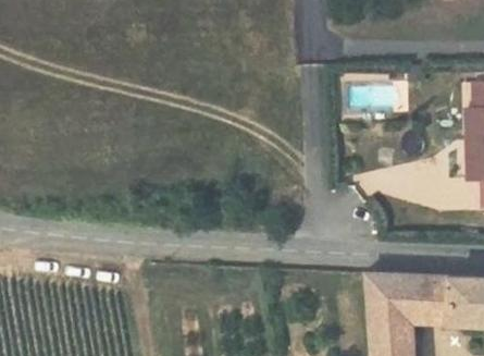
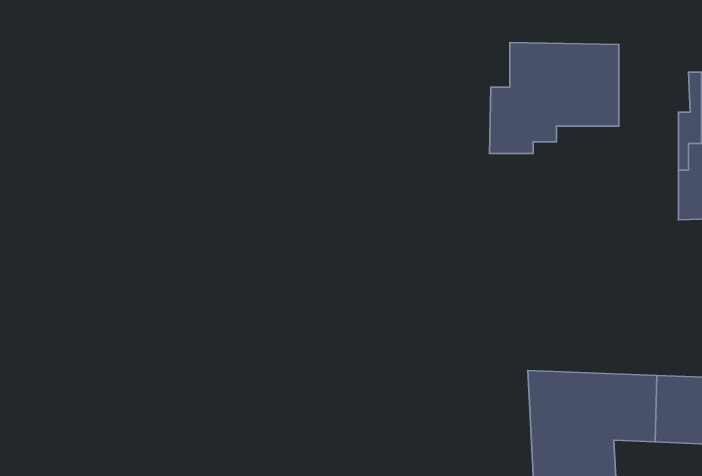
building: none -> [489,43,619,153]

